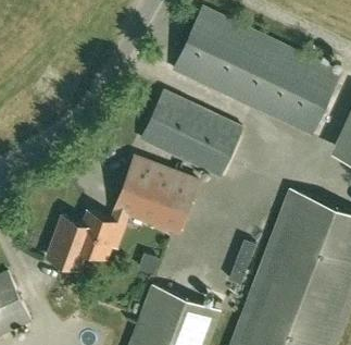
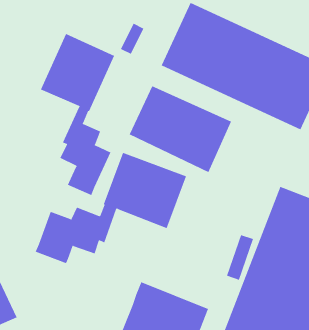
building: none -> [40,33,115,196]

